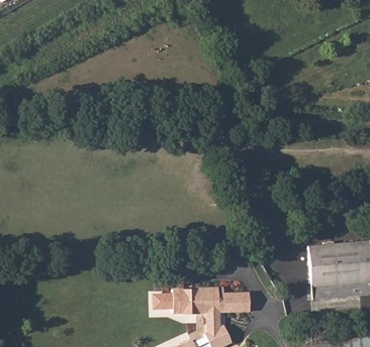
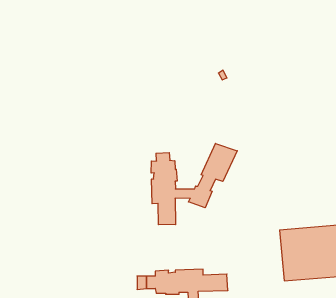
building: none -> [151,143,237,225]

